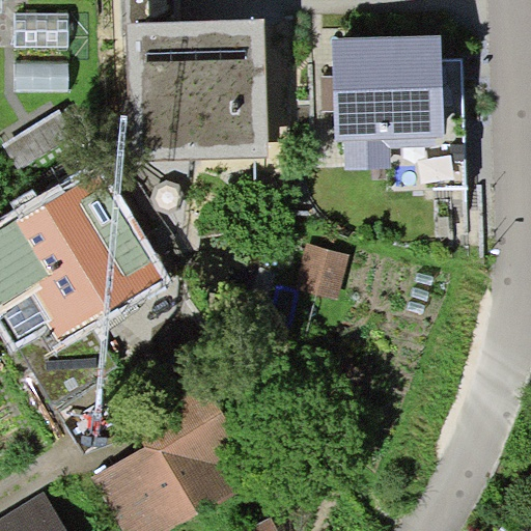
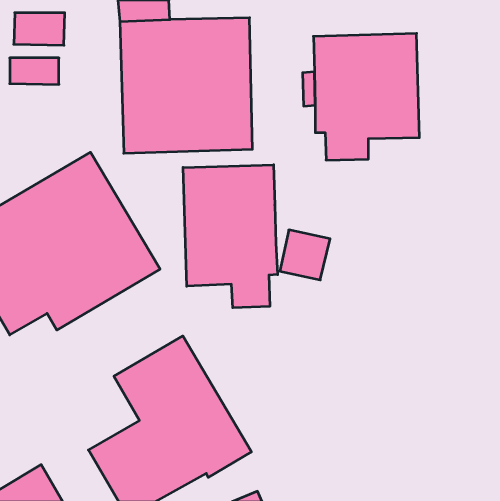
building: none -> [183,165,278,308]

